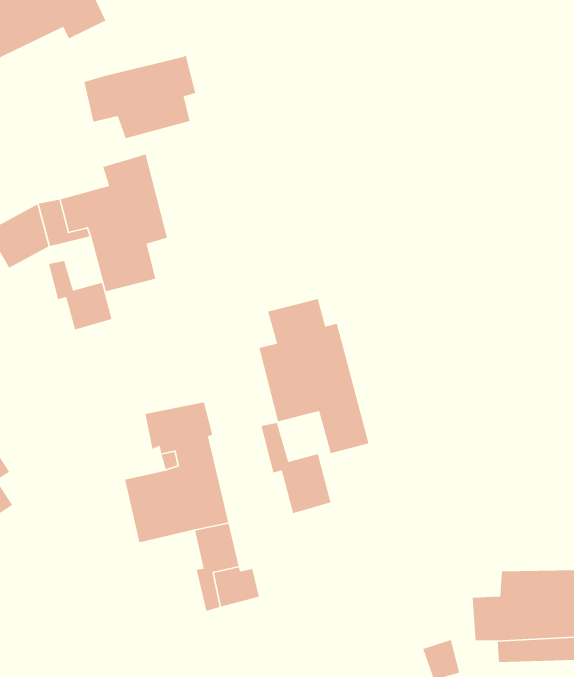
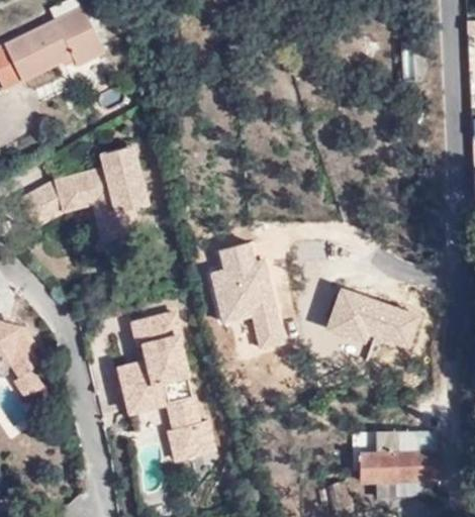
building: [84,54,196,139] -> none
building: [48,260,112,330] -> none
building: none -> [321,287,421,352]
building: [261,422,332,514] -> none

